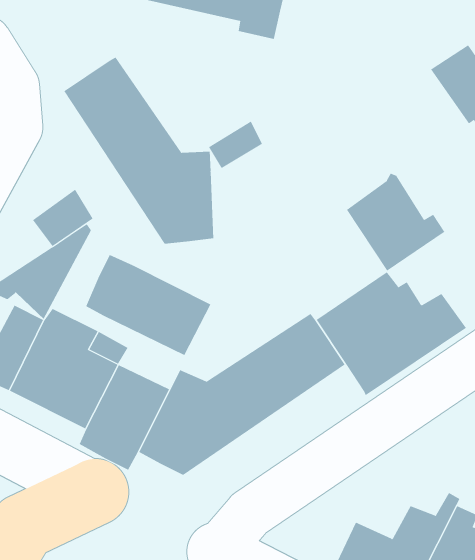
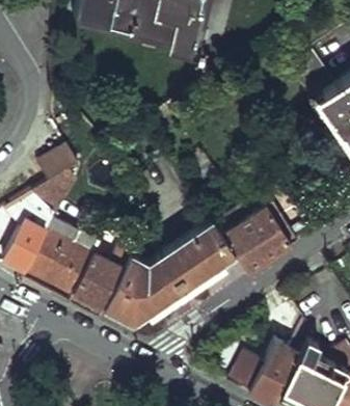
building: [63,56,214,245] -> none
building: [346,173,445,272] -> none
building: [85,254,211,356] -> none

